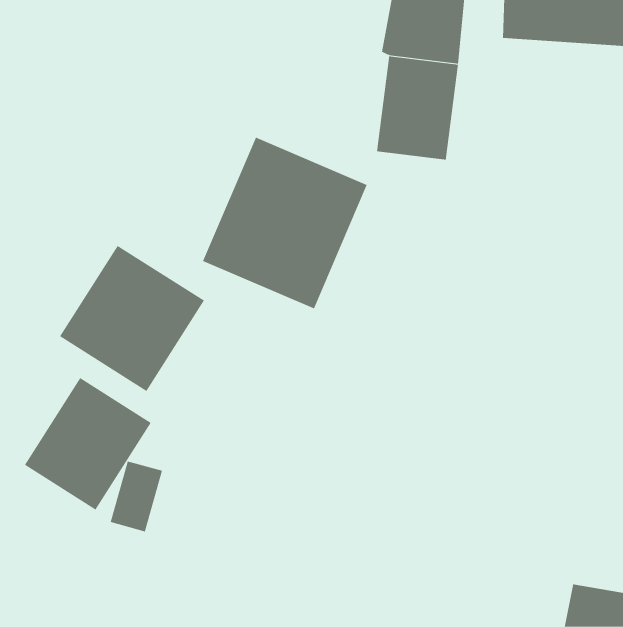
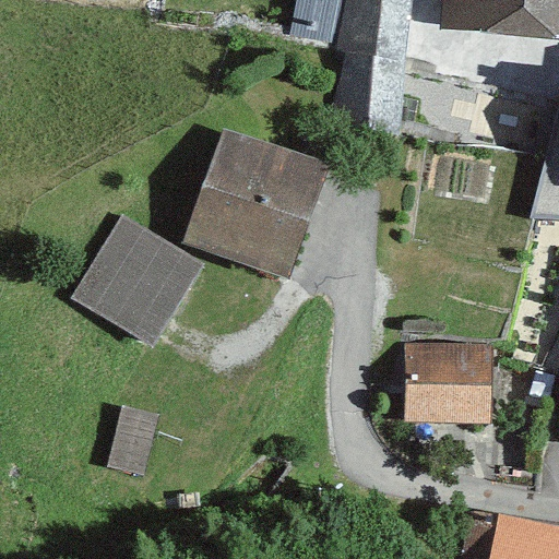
building: [24,377,151,510] -> none
building: none -> [418,342,495,421]

